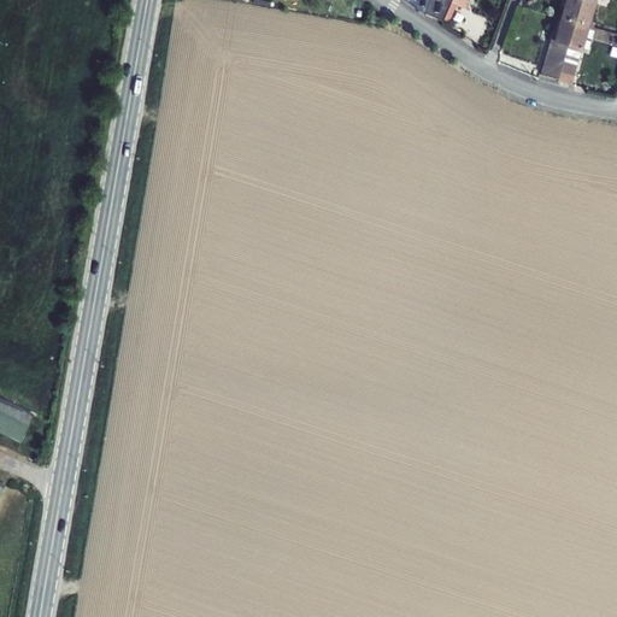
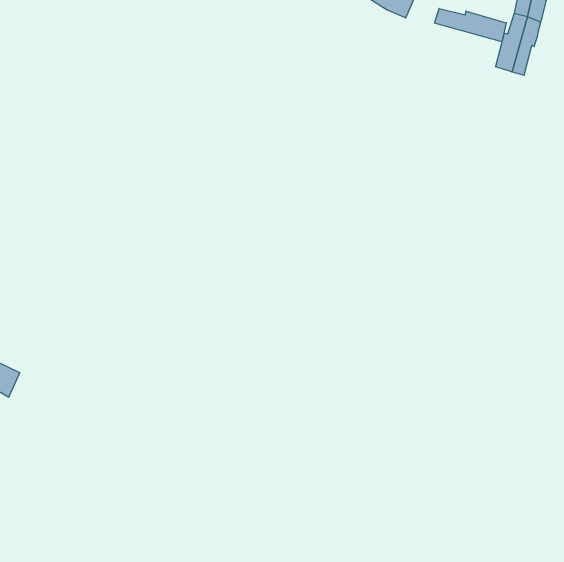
building: none -> [434,8,506,42]

